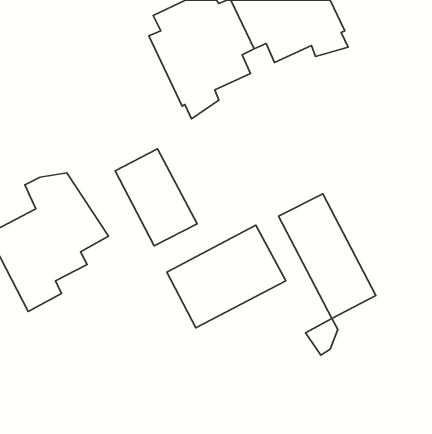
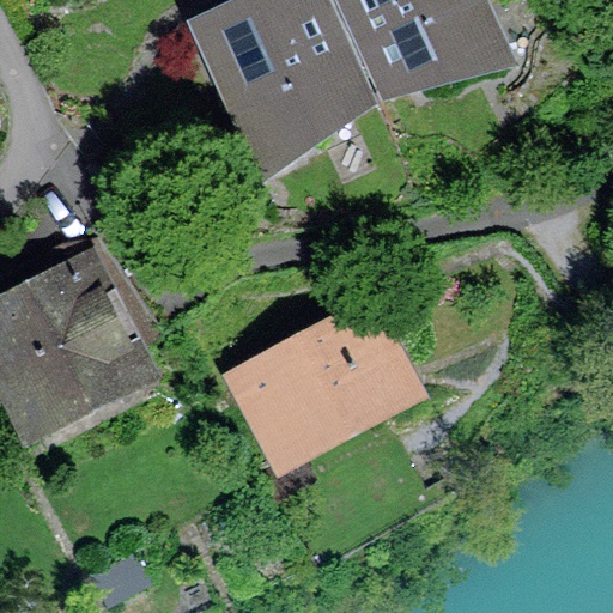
building: [115,149,197,246] -> none
building: [278,194,376,318] -> none

